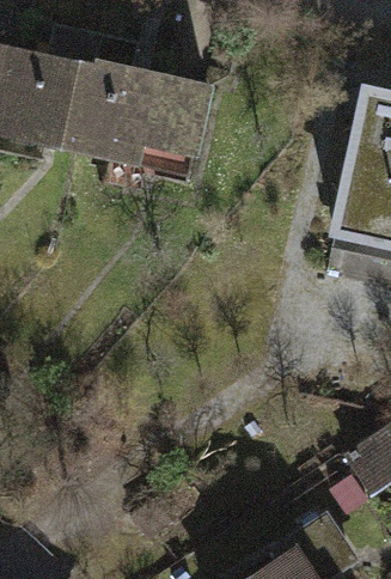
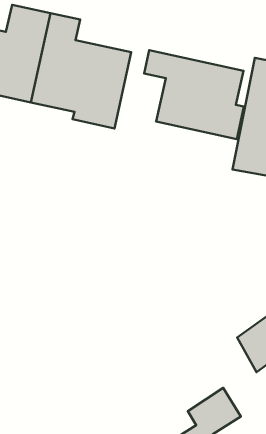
building: none -> [144,50,244,139]

